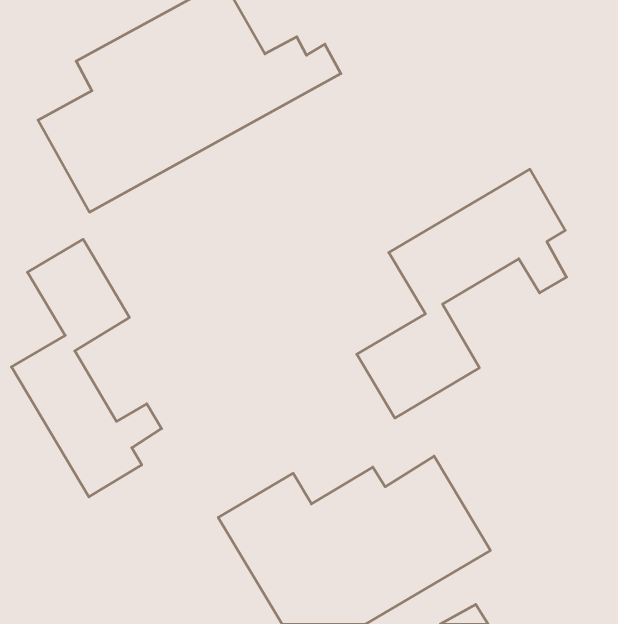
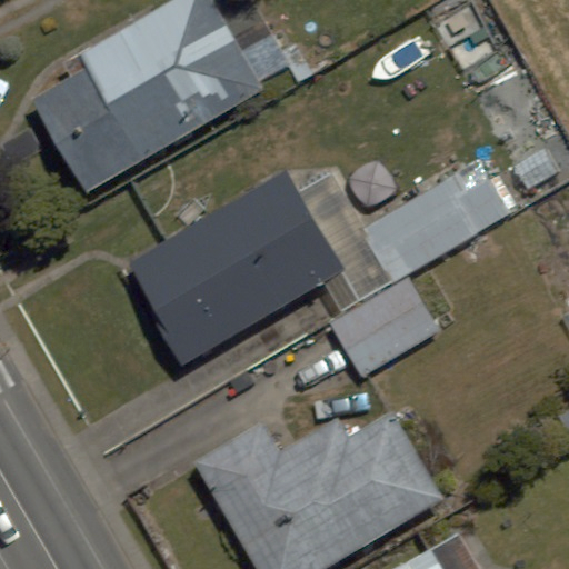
building: none -> [126,169,348,370]
building: [11,239,162,497] -> none

